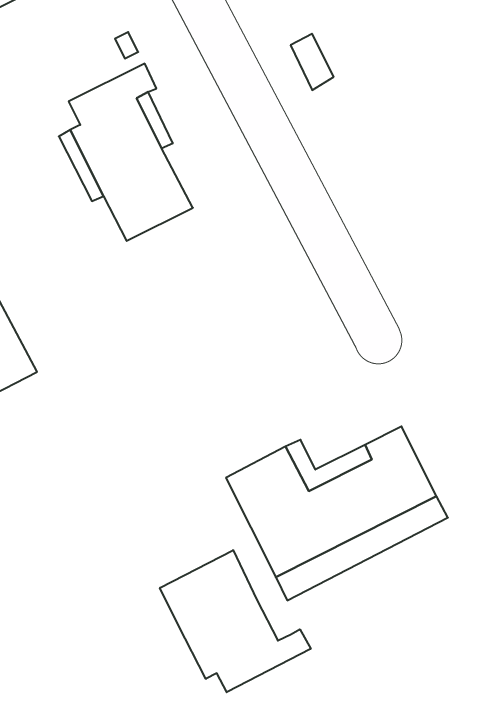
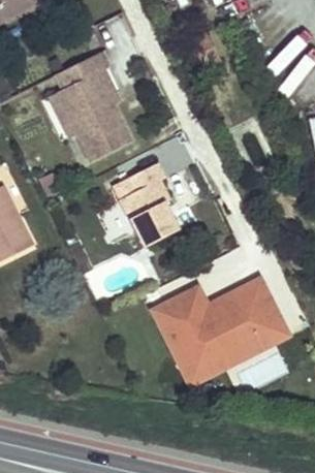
building: none -> [118,163,177,248]
building: [160,550,311,692] -> none

